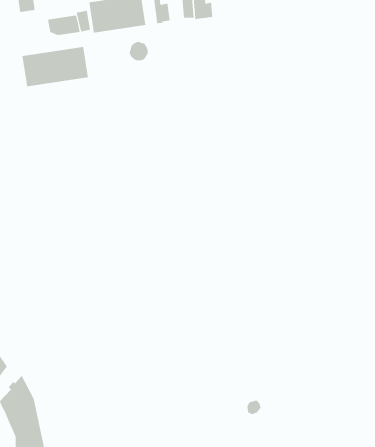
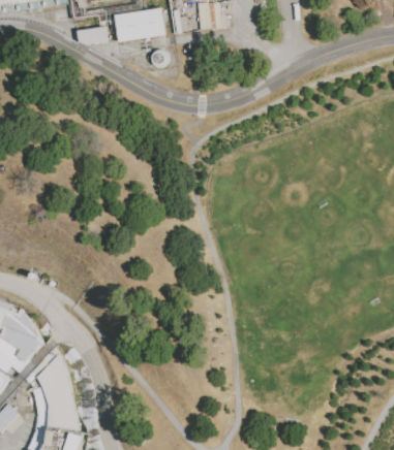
building: [22,46,88,87] -> none

